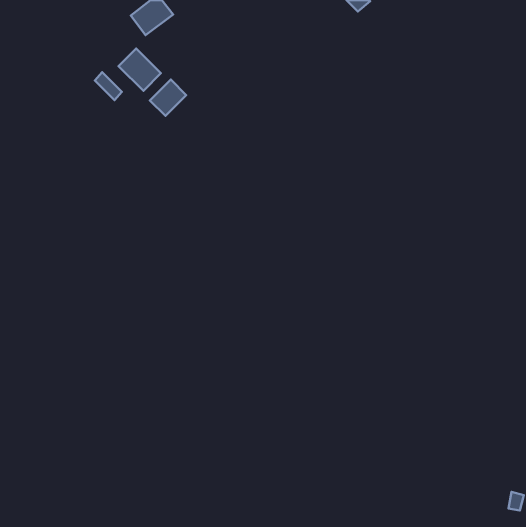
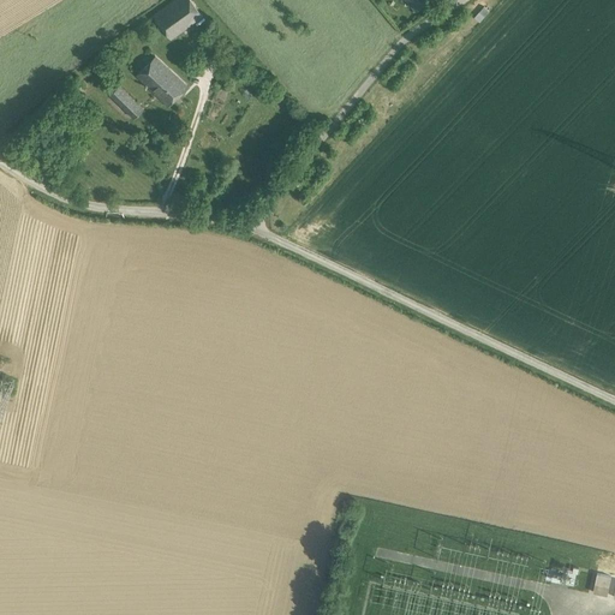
building: [150,80,186,116] -> none

